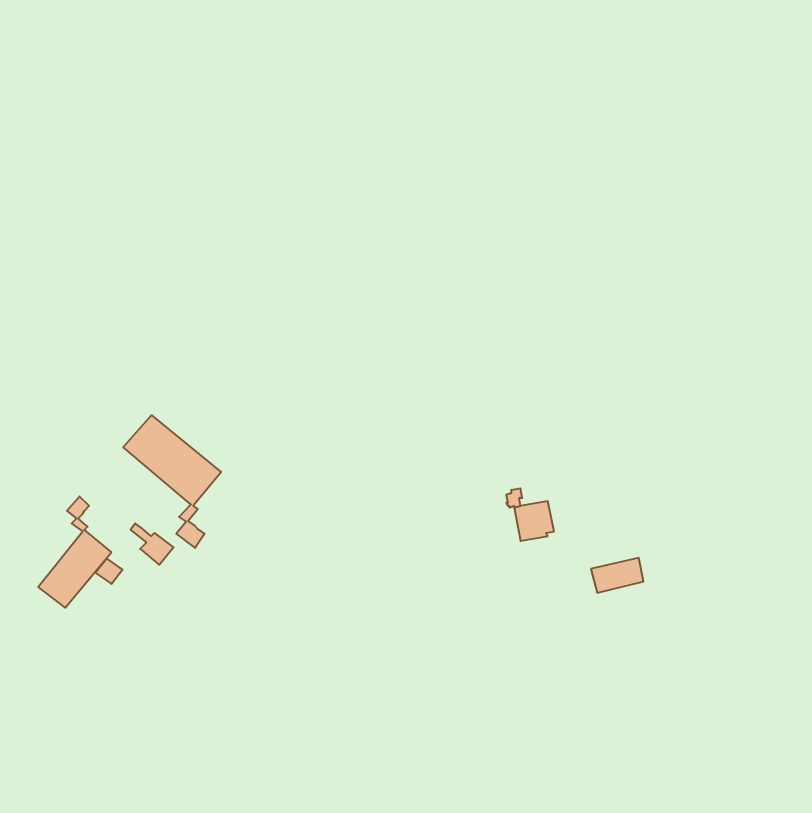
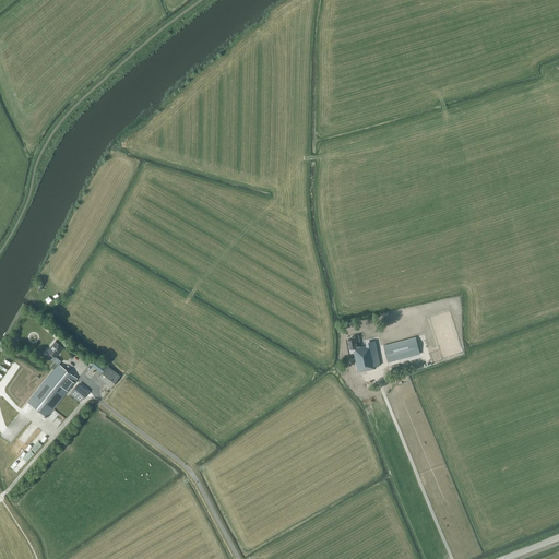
building: [123,415,221,548] -> none
building: [591,558,643,593] -> [383,337,419,361]

